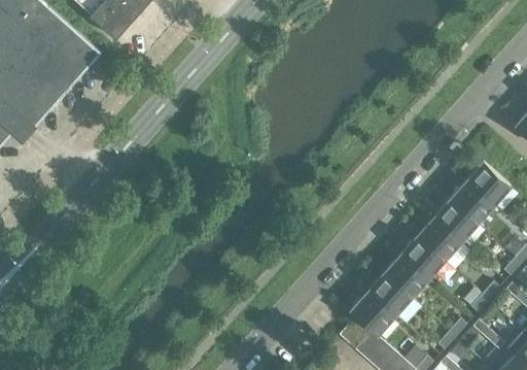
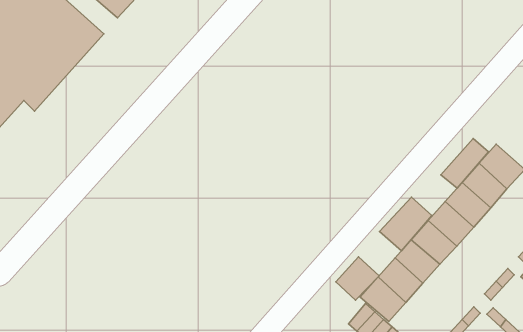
building: none -> [441,138,489,188]
building: none -> [380,197,432,251]
building: none -> [336,257,379,300]

